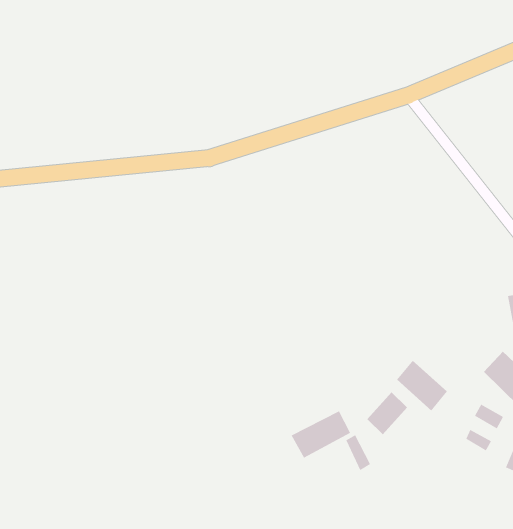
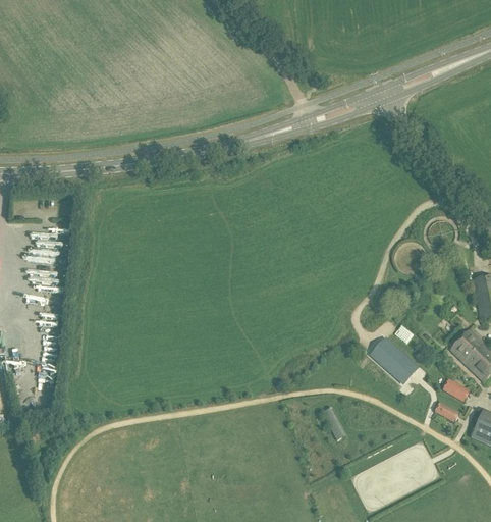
building: [366,391,408,435] -> none
building: [291,410,351,458] -> none

